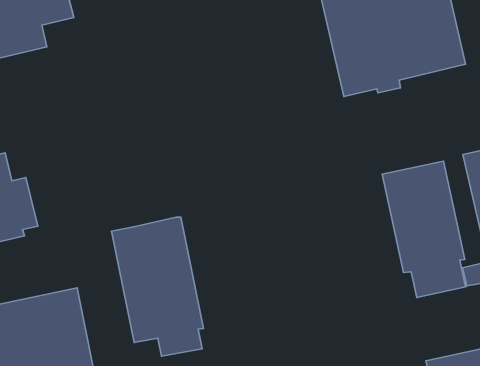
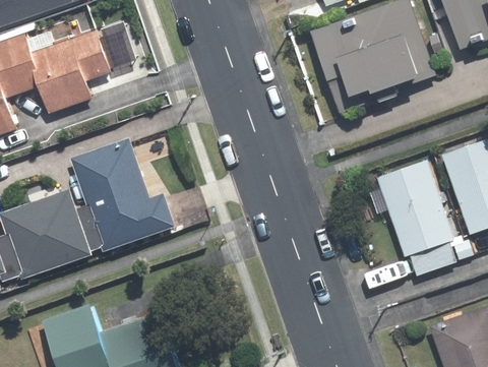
building: none -> [69,137,174,253]
building: [112,217,204,356] -> none

